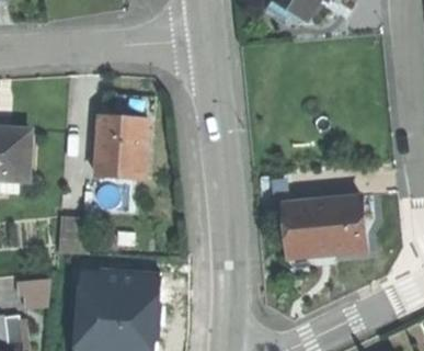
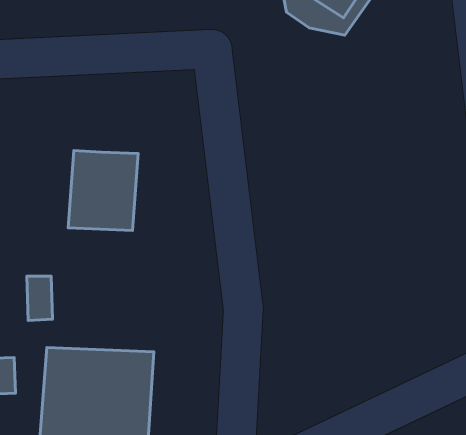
building: [283,197,364,254] -> none

